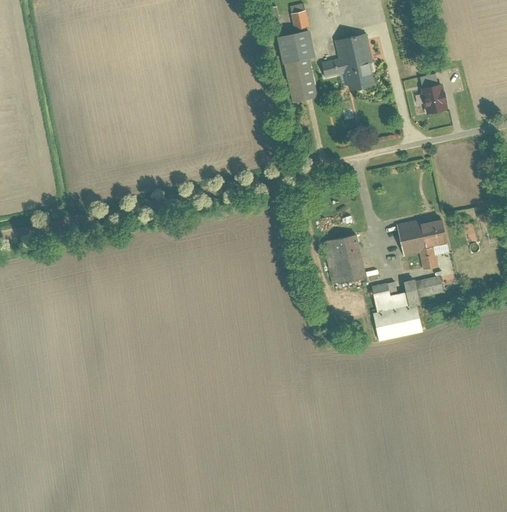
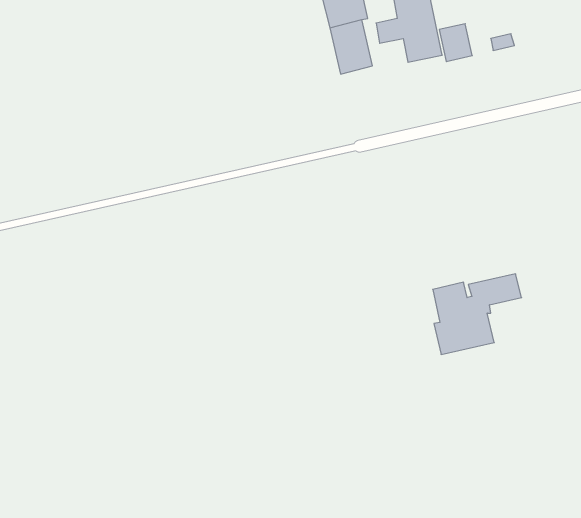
building: [420,82,448,114] -> [439,24,472,62]
building: [396,217,447,268] -> none
building: [323,234,365,283] -> none

